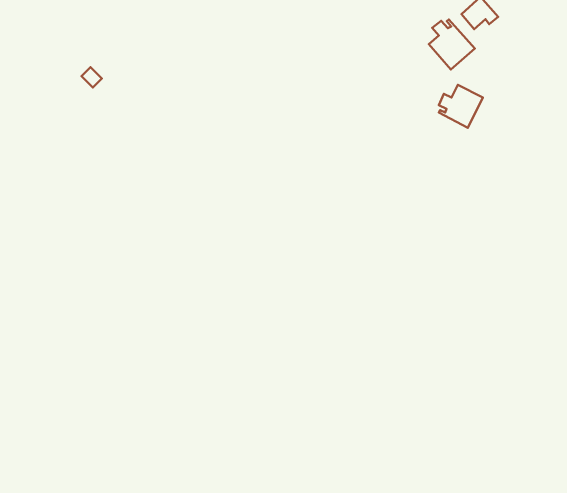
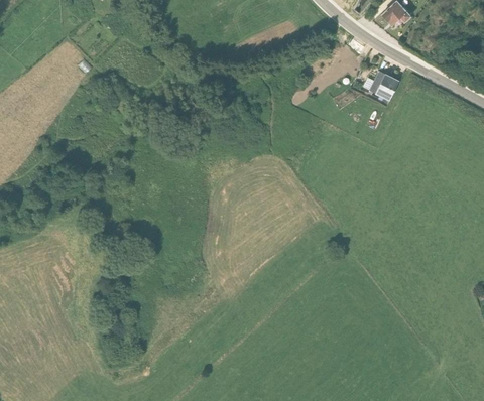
building: [429,20,475,69] -> none

